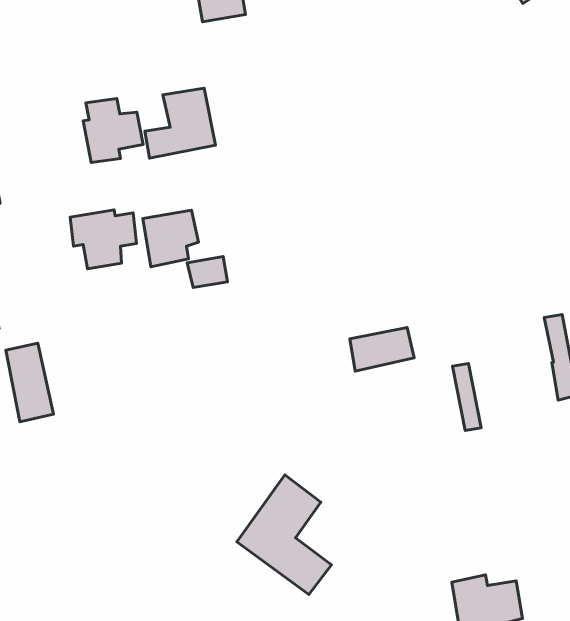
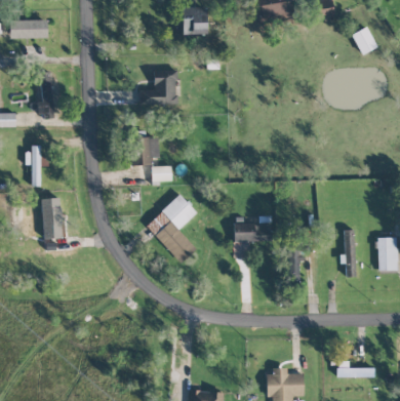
building: [83,98,143,163] -> none
building: [70,210,137,269] -> none
building: [237,475,331,595] -> [147,194,197,263]

